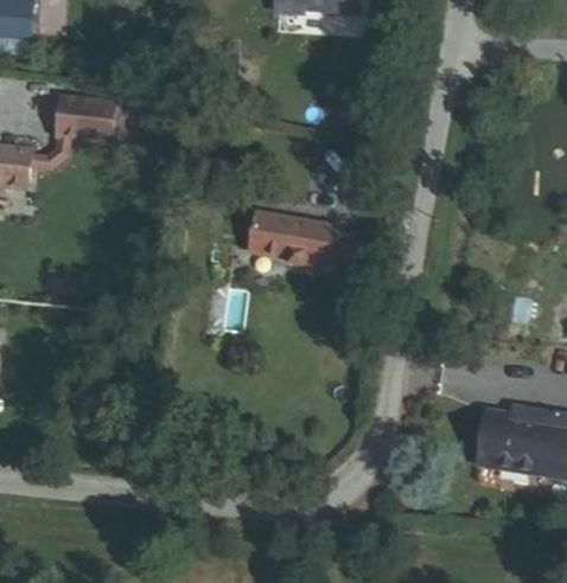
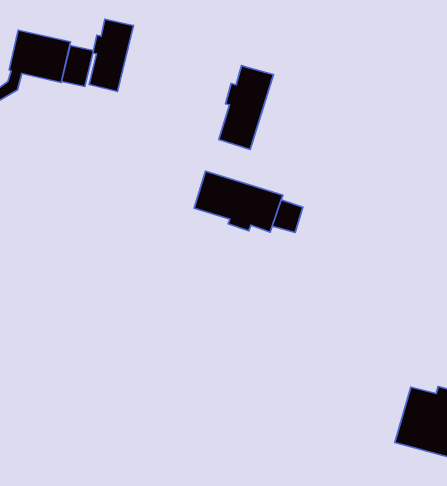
building: none -> [89,19,134,92]
building: none -> [219,66,274,150]

